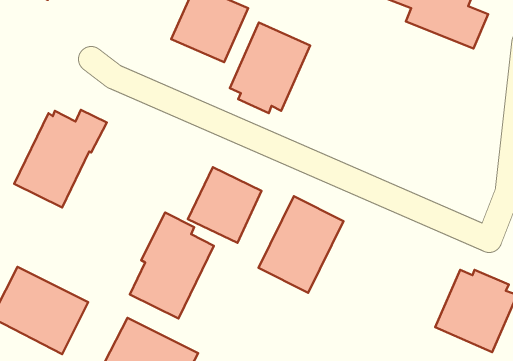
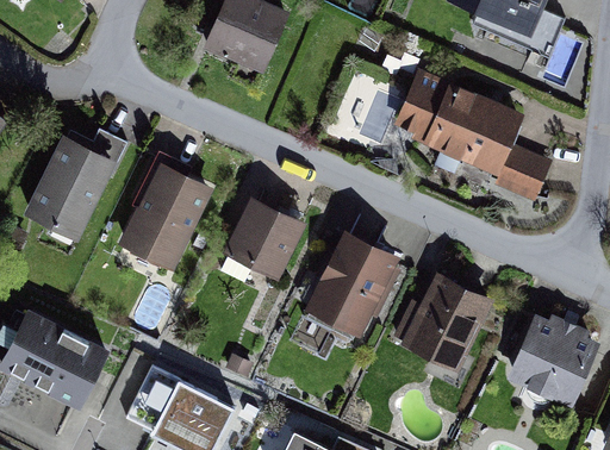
building: [230,23,310,113] -> none
building: none -> [394,69,552,205]
building: [130,212,214,318] -> [118,151,214,273]
building: none -> [399,271,494,375]

